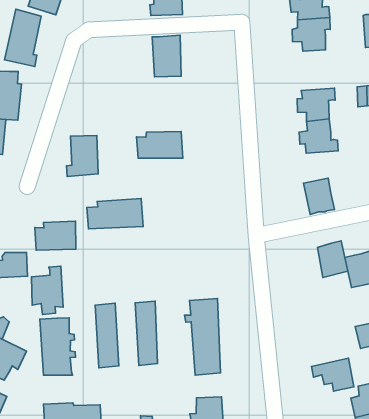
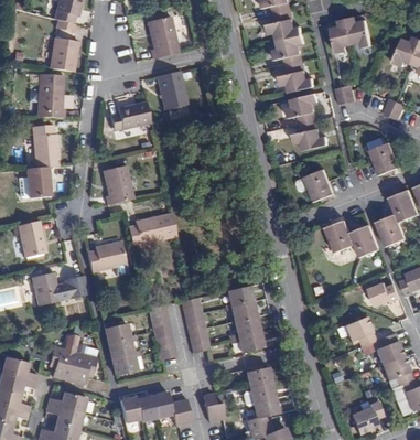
building: none -> [279,62,314,93]
building: [137,131,183,158] -> [110,107,152,136]
building: [32,266,63,315] -> none

